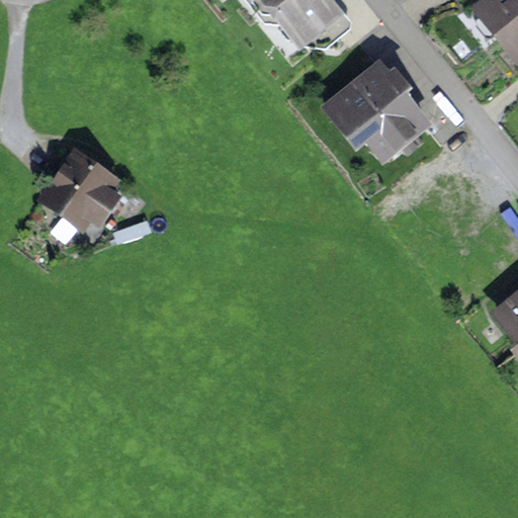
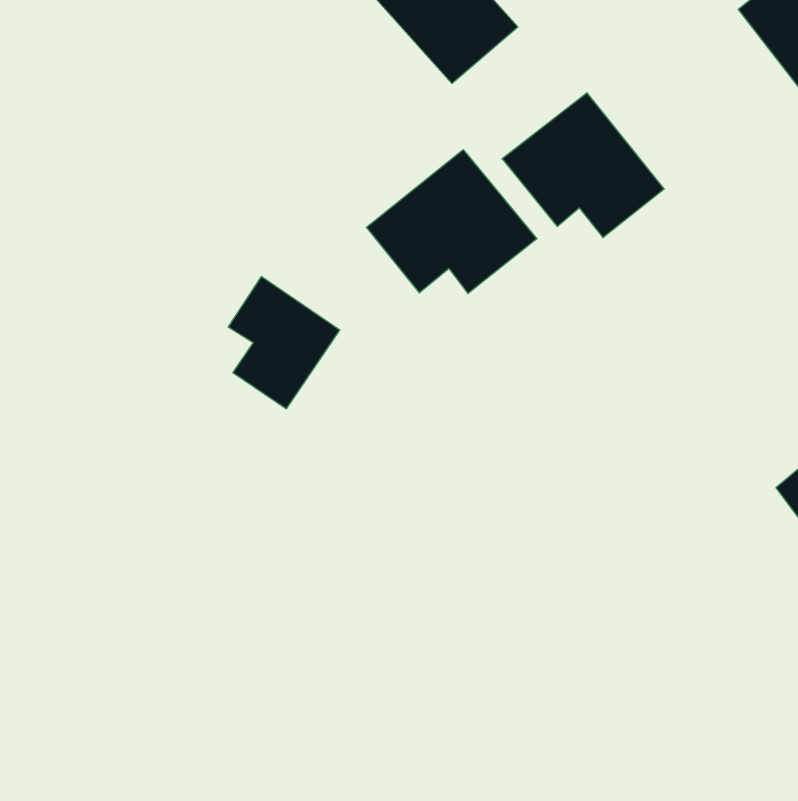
building: none -> [366,150,537,294]
building: [49,154,120,239] -> [228,277,340,409]

